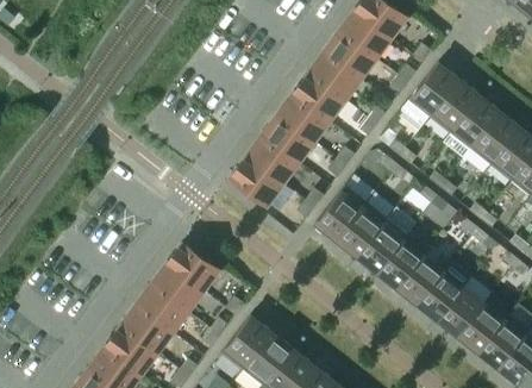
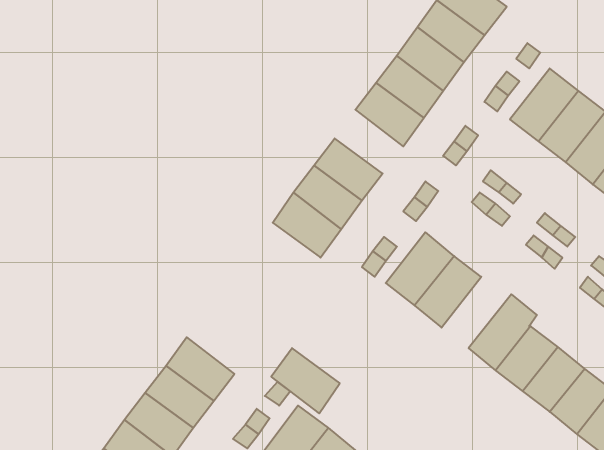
building: [276,94,327,142] -> none
building: [356,219,408,273] -> none
building: [165,243,217,292] -> [271,348,340,413]

